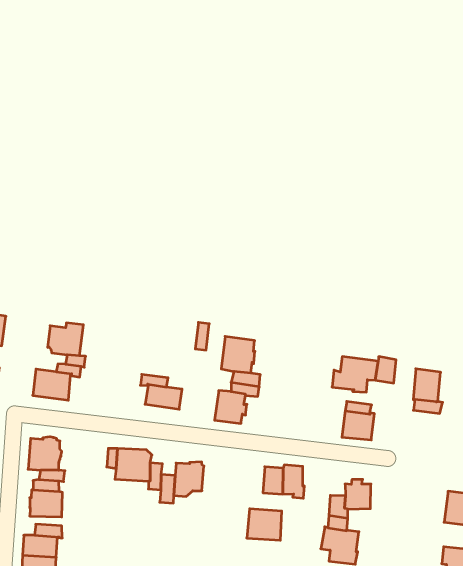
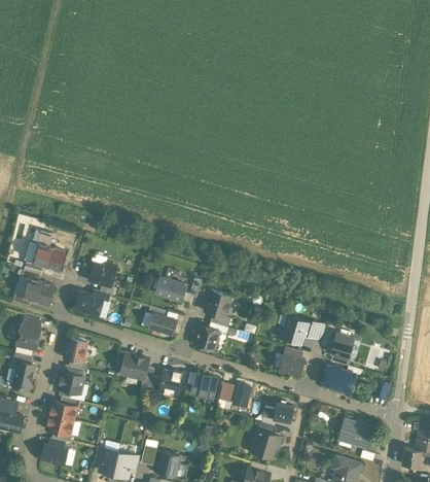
building: none -> [155,278,186,302]
building: none -> [322,367,355,392]
building: [247,509,282,540] -> [190,375,217,400]

